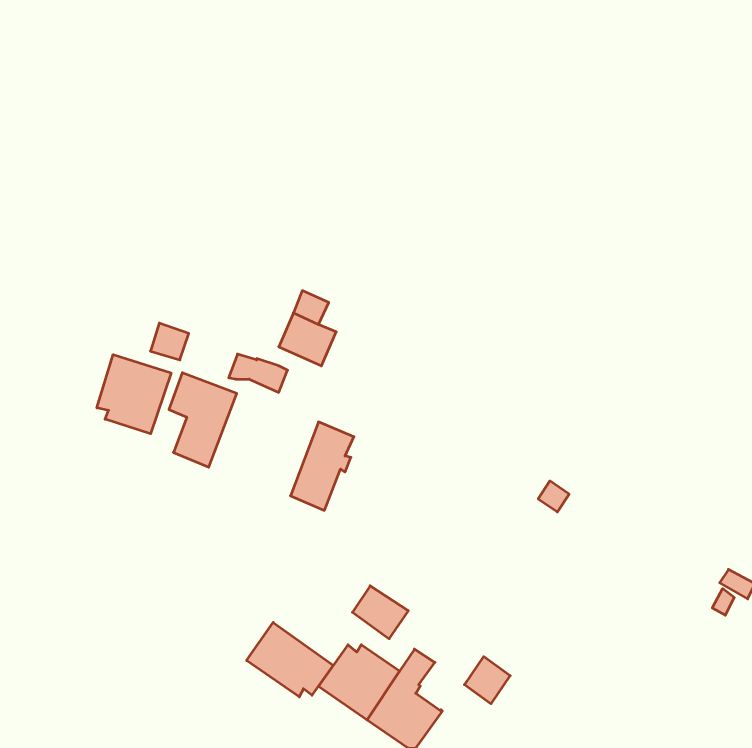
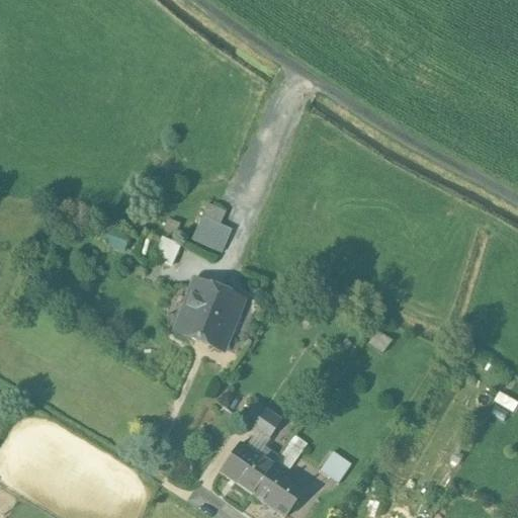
building: [97,355,171,434] -> none
building: [169,373,237,467] -> [173,275,220,340]
building: [247,622,333,697] -> none

